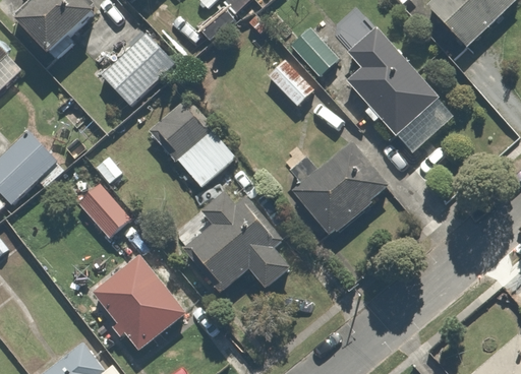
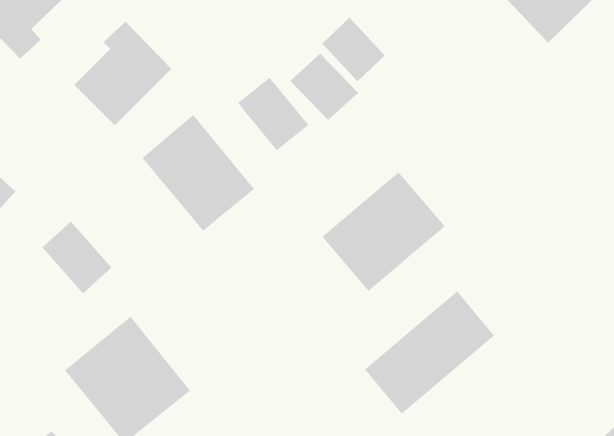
building: [343,27,455,157] -> none
building: none -> [237,77,309,151]
building: [182,196,289,294] -> none
building: none -> [364,291,495,415]

